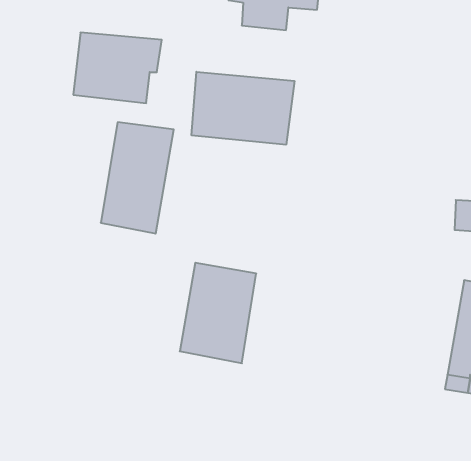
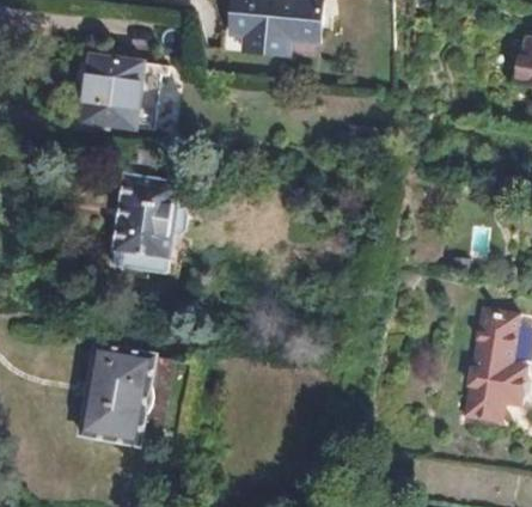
building: [192,72,294,145] -> none
building: [180,263,256,363] -> [80,342,157,442]

